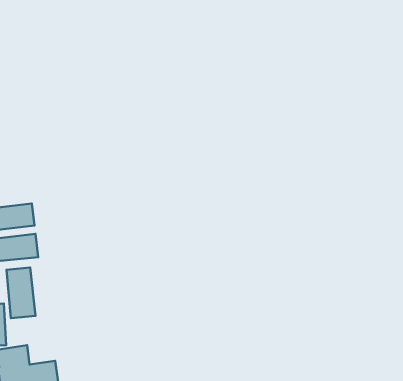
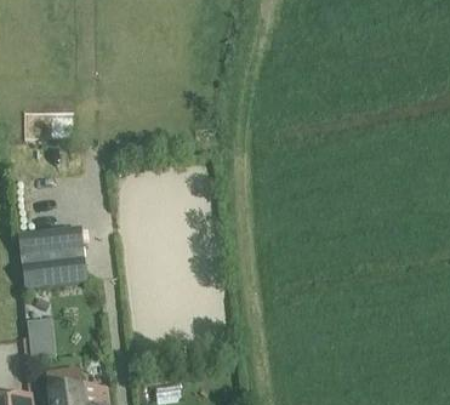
building: [7,267,36,318] -> none

